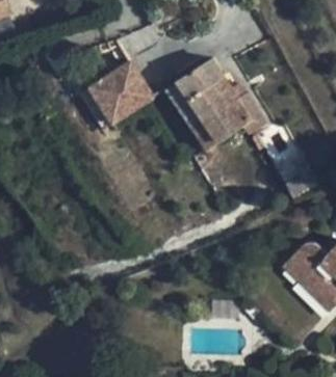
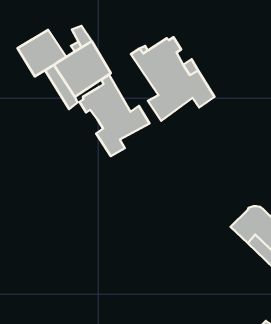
building: none -> [18,30,66,77]
building: none -> [80,75,149,156]

